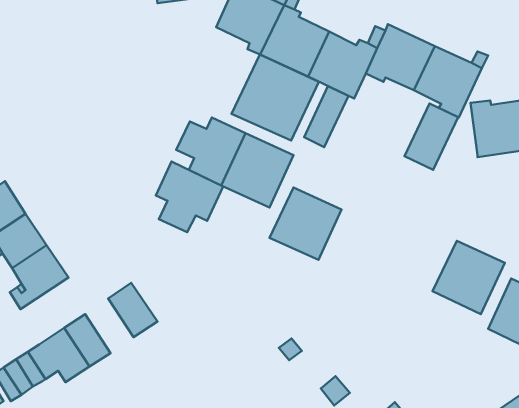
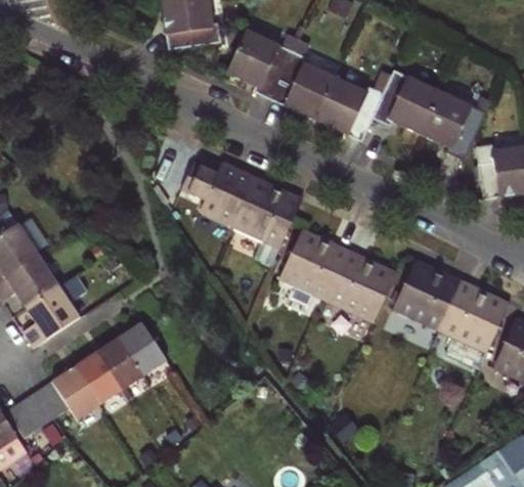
building: [231,54,319,141] -> none
building: [304,86,349,147] -> none
building: [404,103,458,170] -> none
building: [156,162,223,232] -> none
building: none -> [326,251,396,338]
building: none -> [392,260,462,330]
building: none -> [98,338,145,391]

